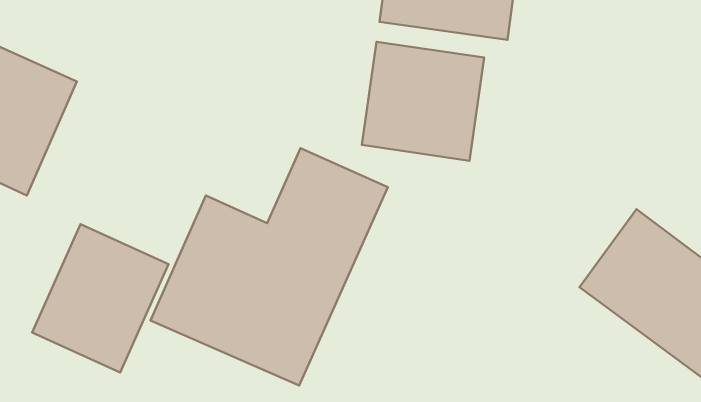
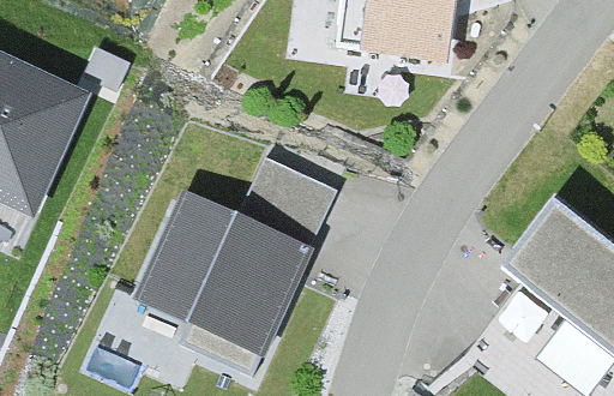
building: [362,42,484,161] -> none
building: [32,224,168,373] -> none

